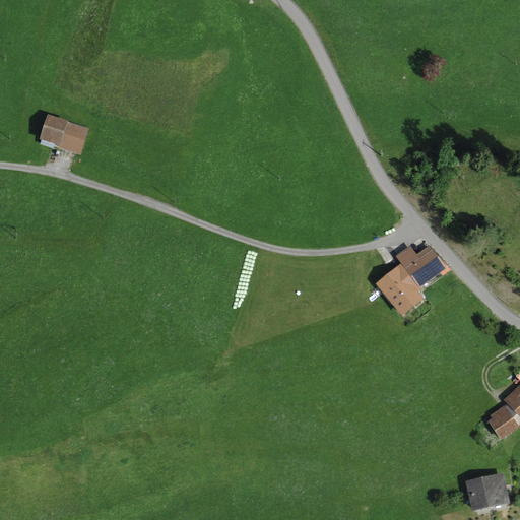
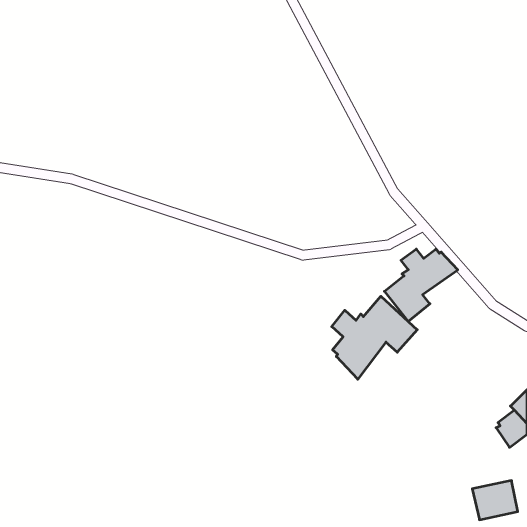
building: [39,114,89,154] -> none
building: none -> [332,296,417,379]

